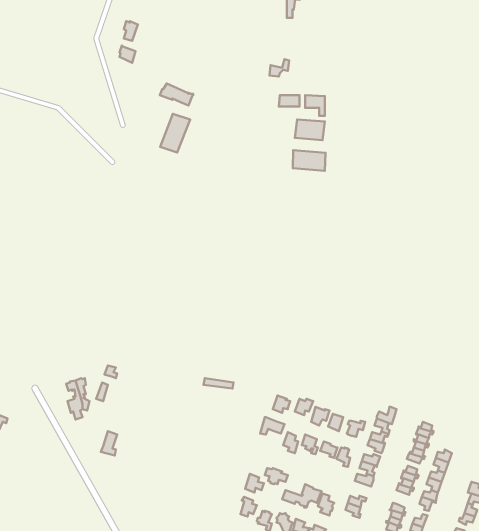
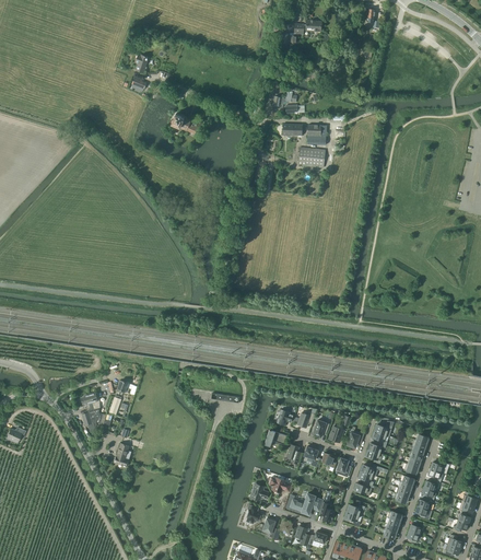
building: [160,114,190,152] -> none
building: [293,150,326,171] -> none

